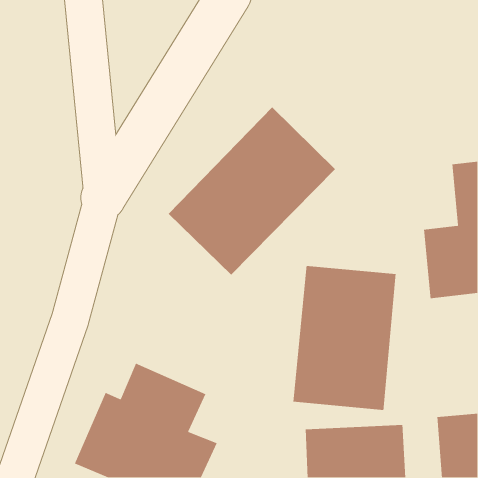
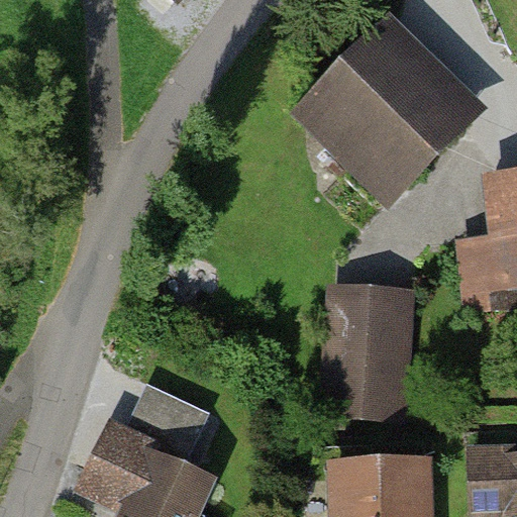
building: none -> [294,13,489,208]
building: [168,107,336,275] -> none

